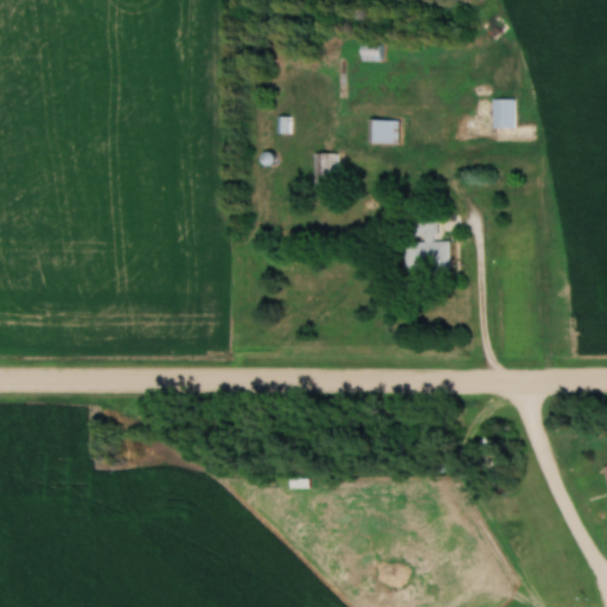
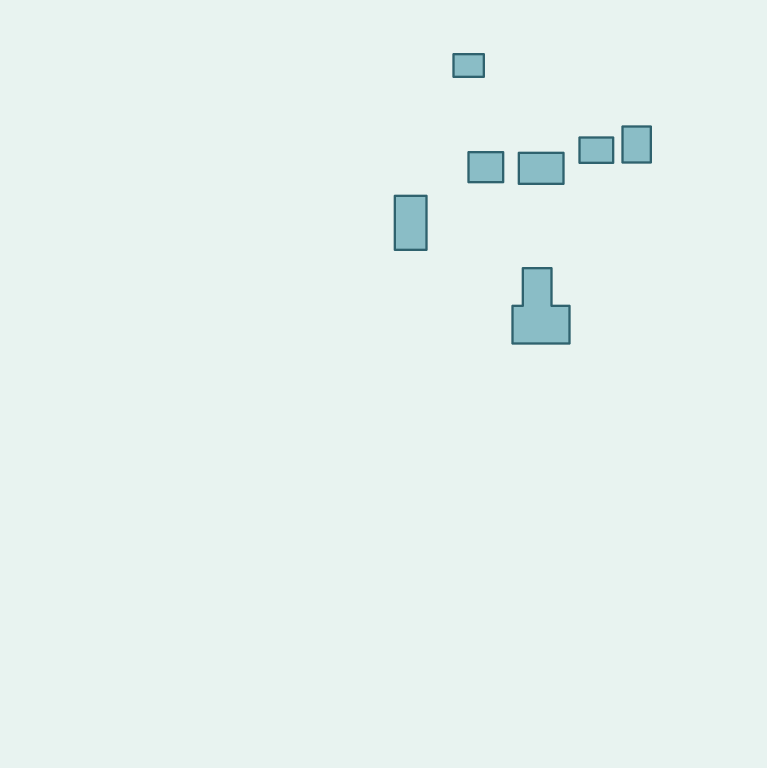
building: none -> [580,137,613,163]
building: none -> [519,153,563,184]

